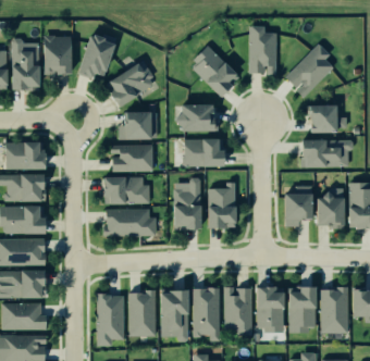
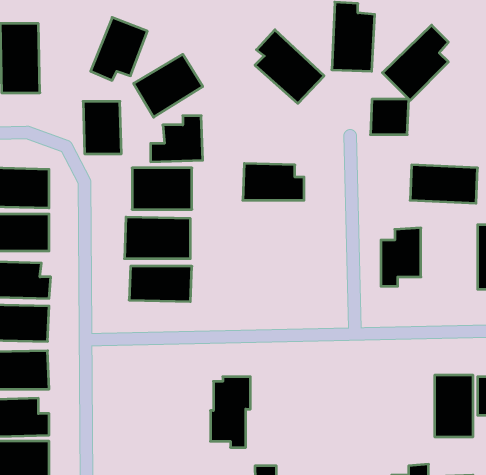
building: [47,37,74,74] -> [83,101,121,154]
building: [182,102,219,132] -> none
building: [313,105,341,130] -> [370,99,409,135]
building: [172,178,199,228] -> none
building: [206,182,234,229] -> none
building: [314,194,347,227] -> none
building: [225,287,252,335] -> none
building: [258,287,286,333] -> none
building: [293,287,318,333] -> none
building: [194,288,219,341] -> none
building: [129,291,157,336] -> none
building: [99,295,124,345] -> none

